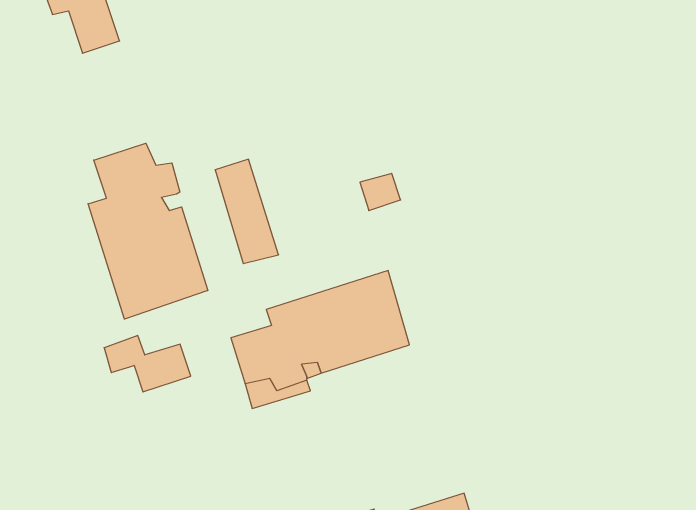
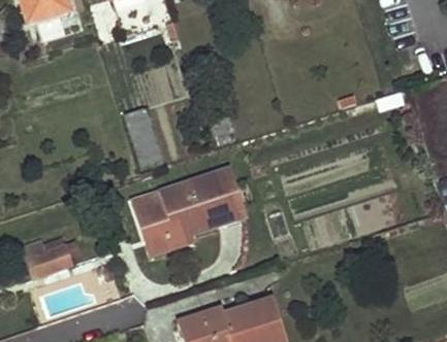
building: [88,143,208,319] -> none
building: [104,335,191,392] -> [19,241,69,274]

